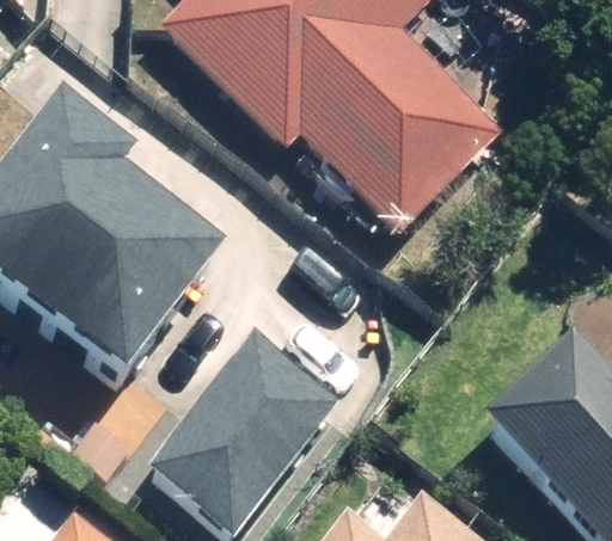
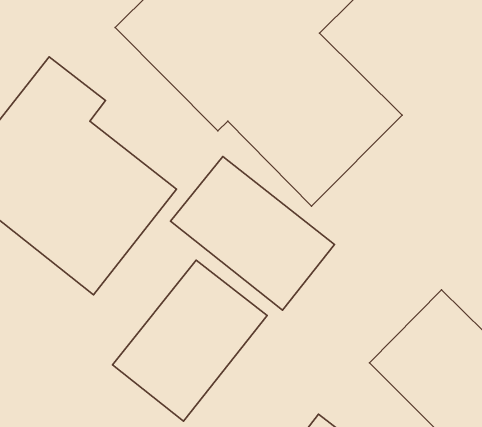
building: none -> [170,157,335,310]

